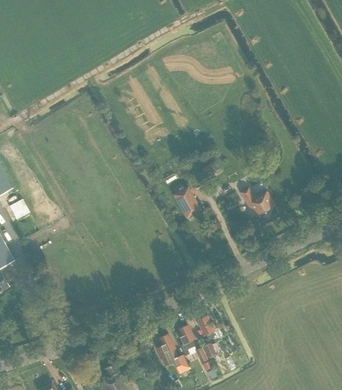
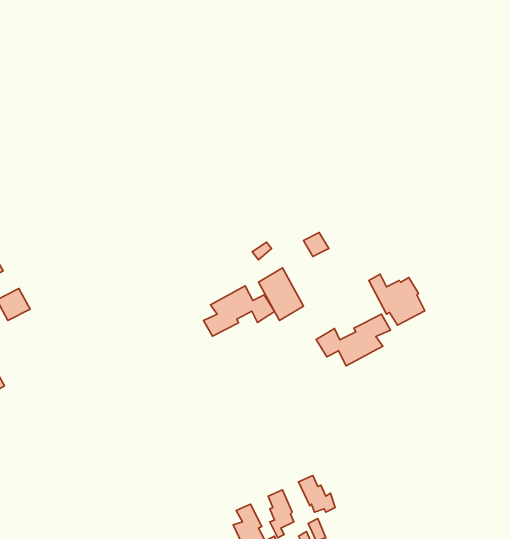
building: none -> [203,286,275,336]
building: none -> [316,314,391,366]

